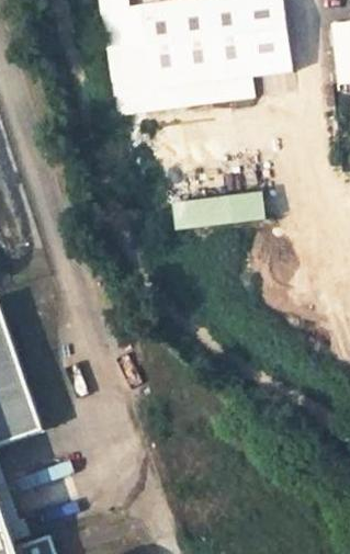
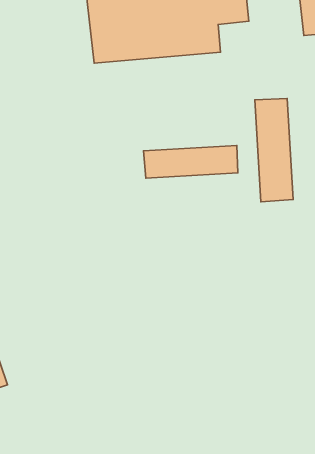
building: none -> [255,98,293,202]

